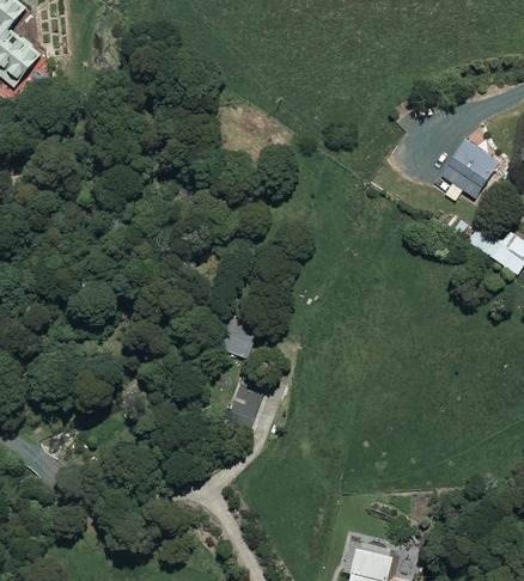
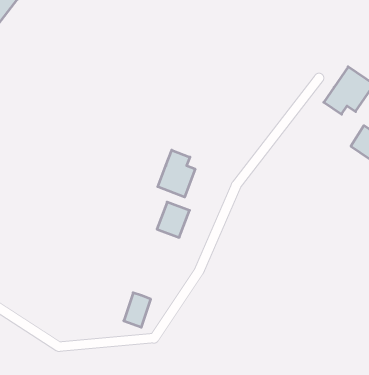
building: none -> [158,150,195,197]
building: [230,381,264,426] -> [124,293,151,327]

